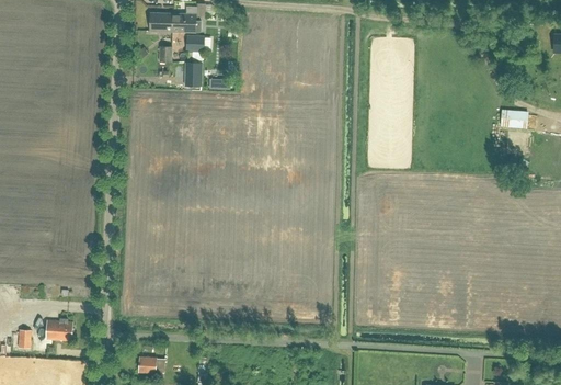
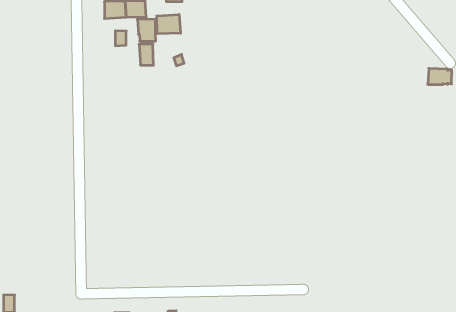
building: none -> [157,14,181,34]
building: [46,317,73,340] -> none

